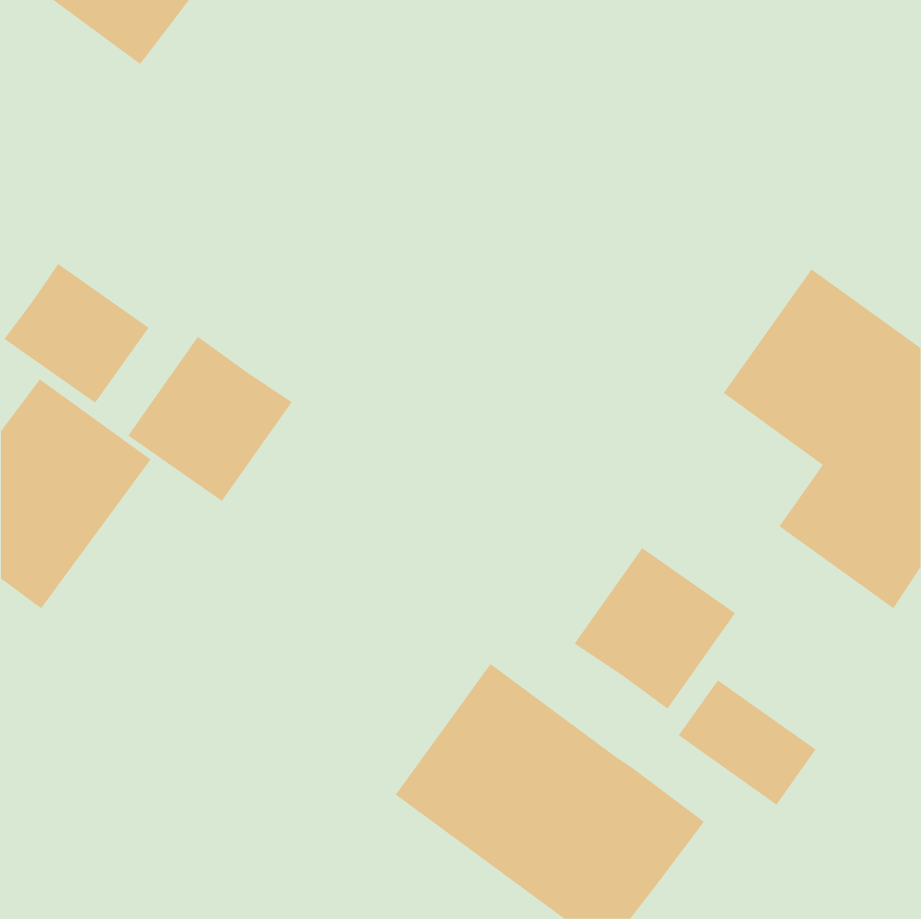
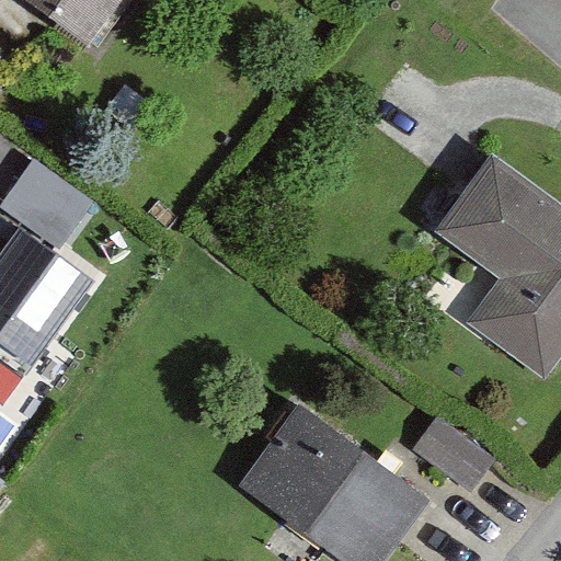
building: [127,336,292,502] -> none
building: [574,547,736,709] -> none

